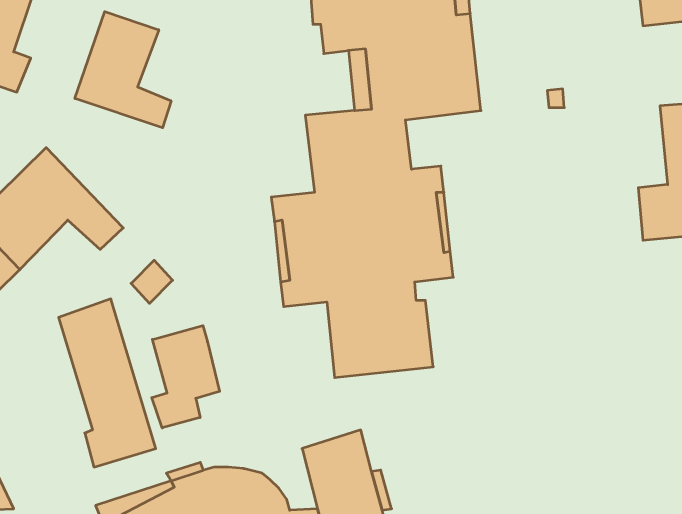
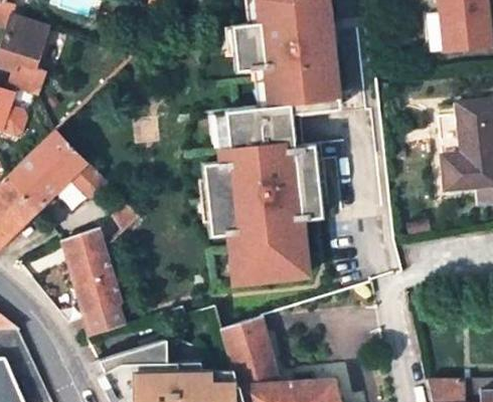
building: [75,12,171,128] -> none
building: [152,326,220,428] -> none

